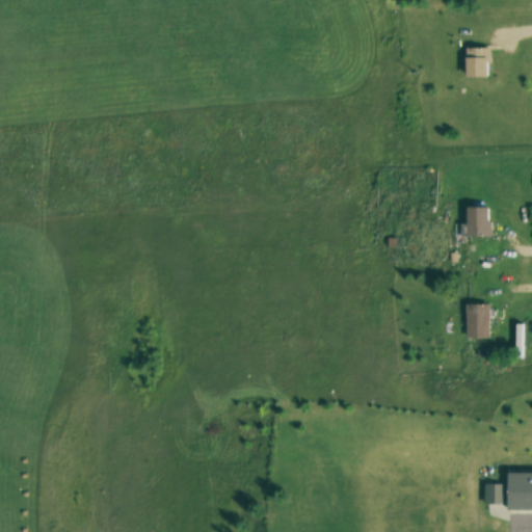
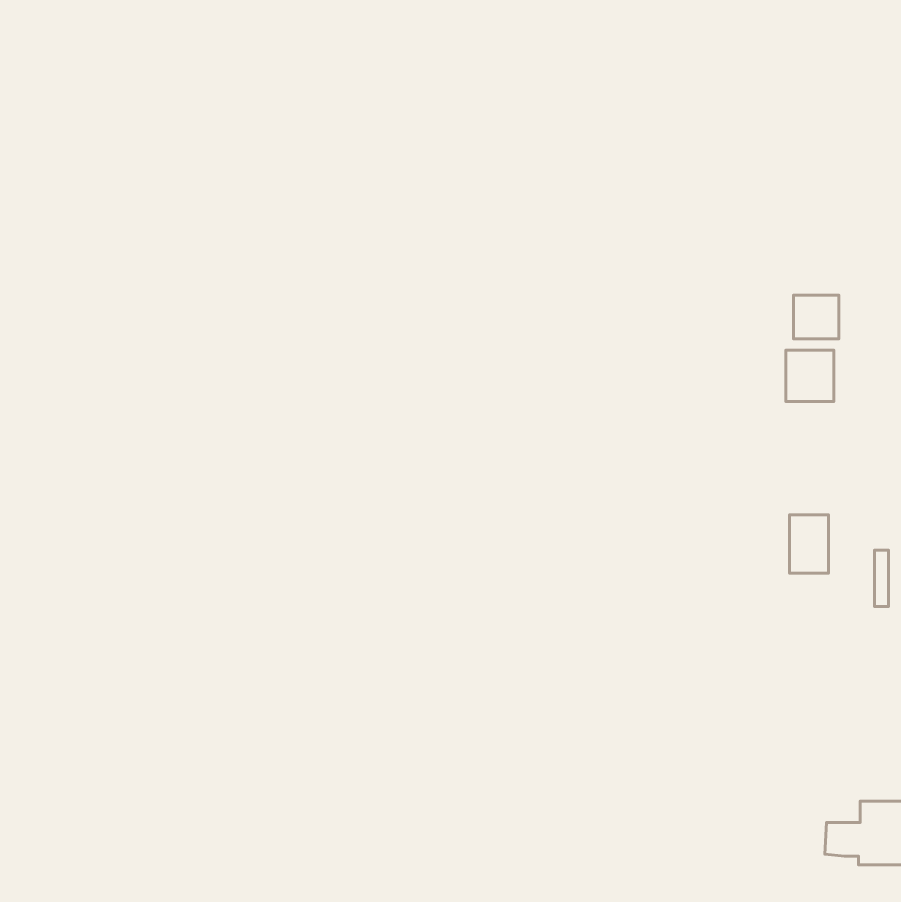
building: [464,48,491,78] -> none
building: none -> [794,295,839,339]

